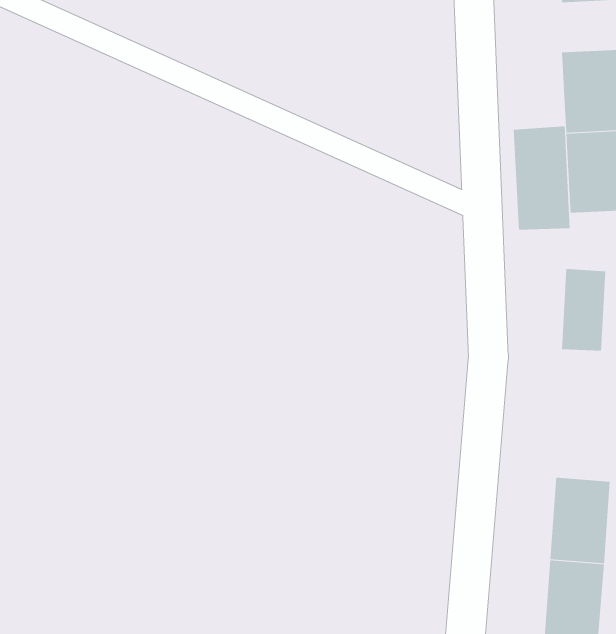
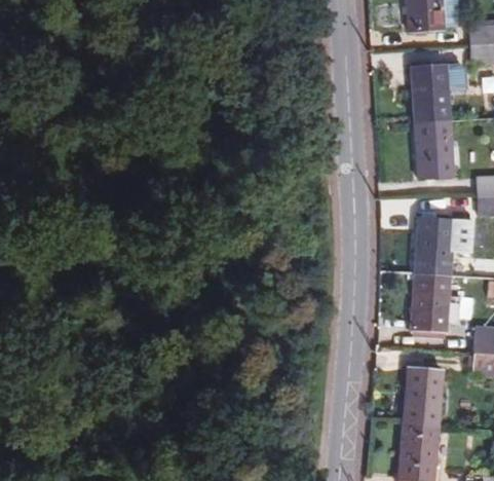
building: [513,126,570,230] -> none
building: none -> [408,275,439,329]

